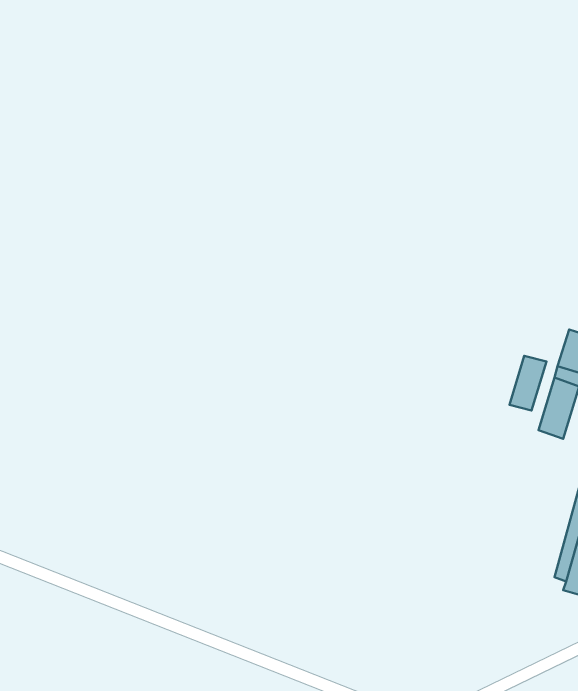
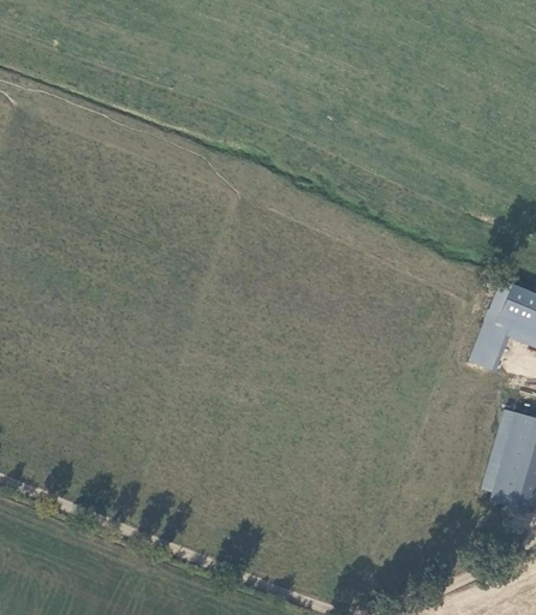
building: [509,356,547,411] -> none

